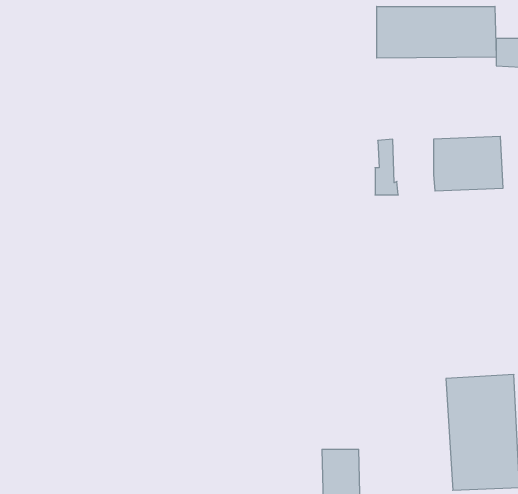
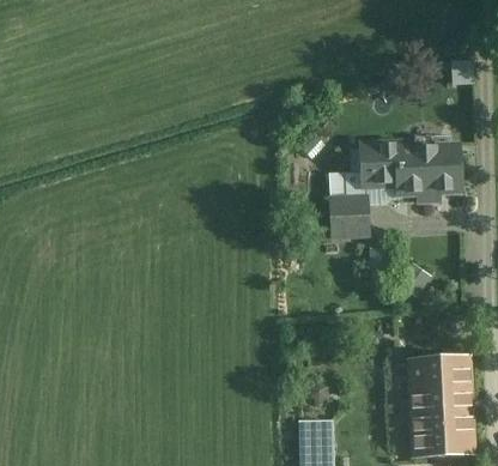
building: [377,6,496,58] -> none
building: none -> [362,144,397,186]
building: none -> [329,196,368,236]

